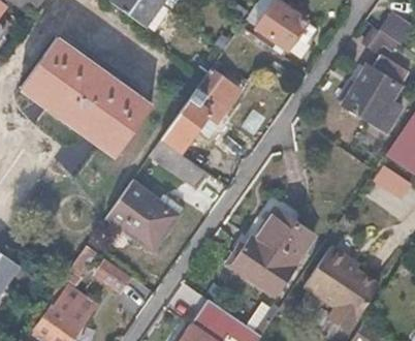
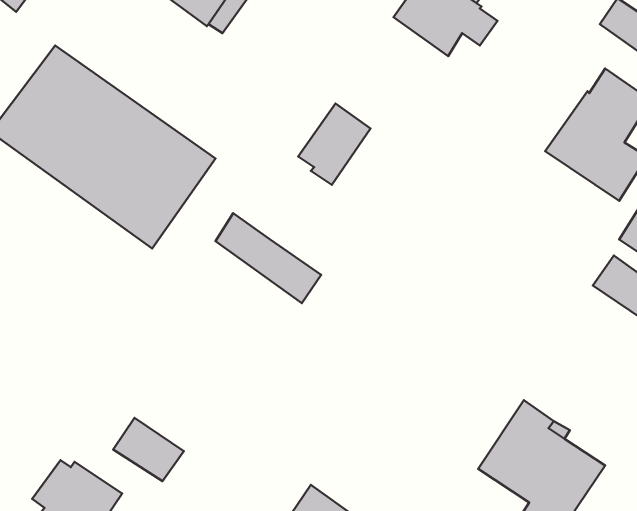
building: [161,68,221,154] -> none
building: [107,180,178,248] -> none
building: [231,193,314,293] -> none

